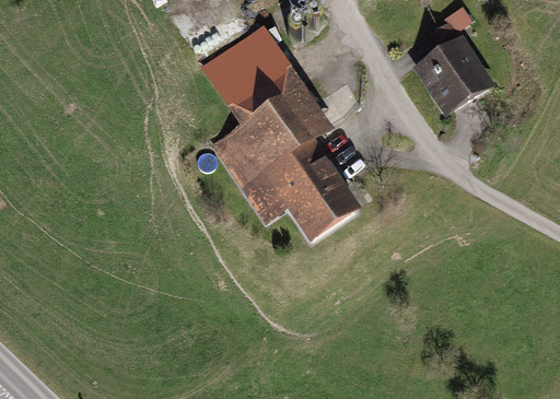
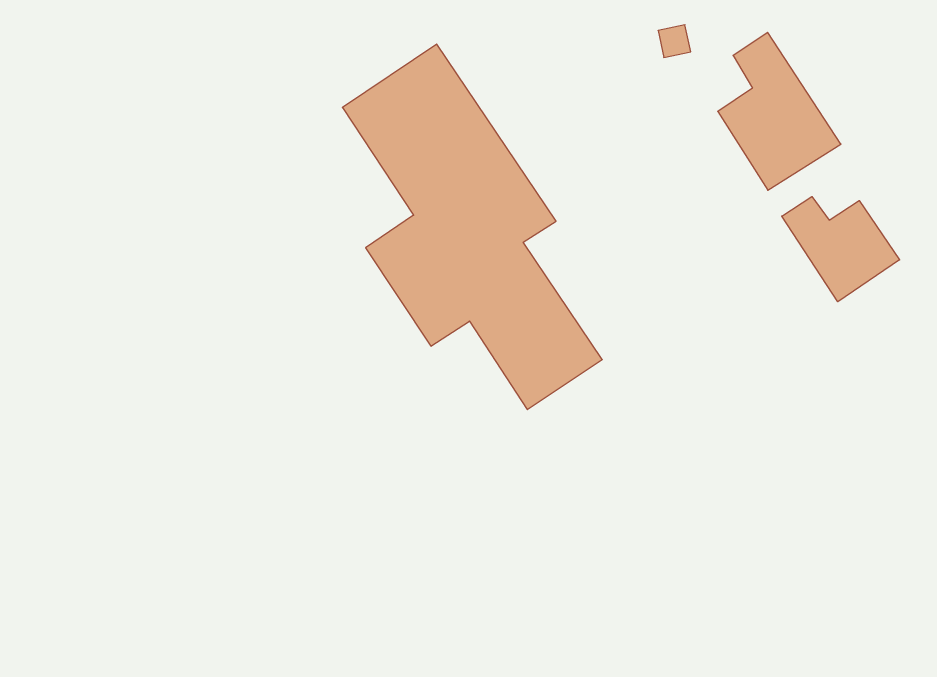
building: none -> [782,197,900,302]

